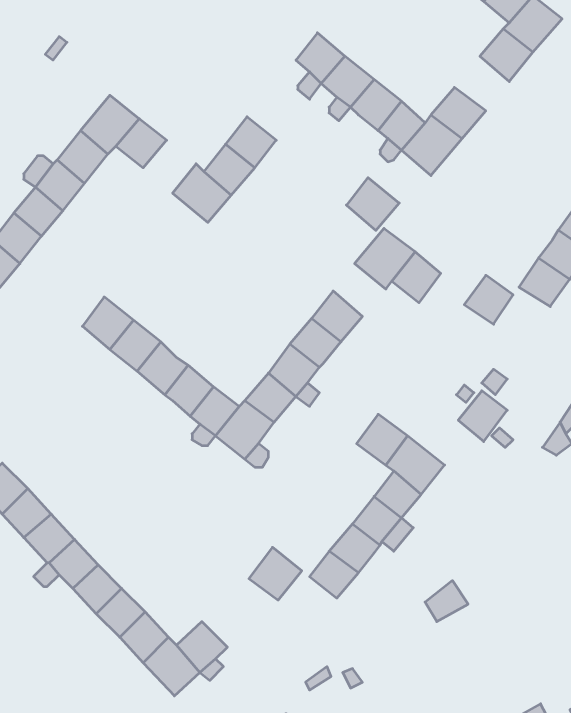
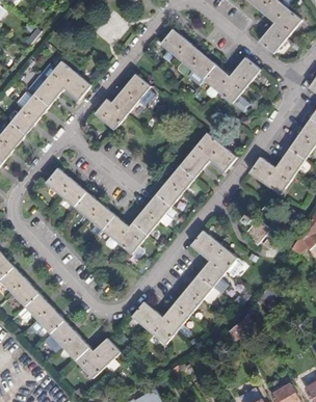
building: [346,178,399,230] -> [179,151,207,179]
building: none -> [264,163,294,193]
building: none -> [150,314,181,345]

